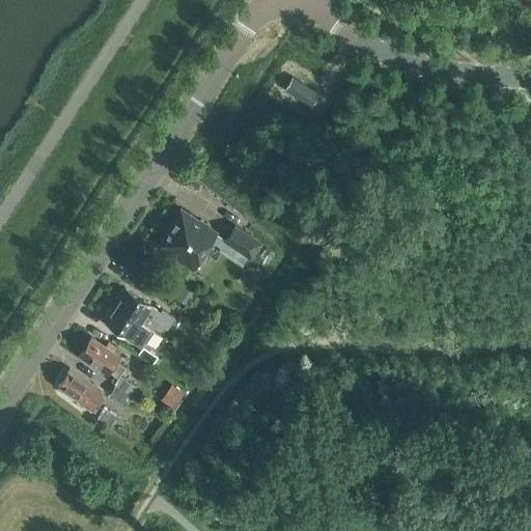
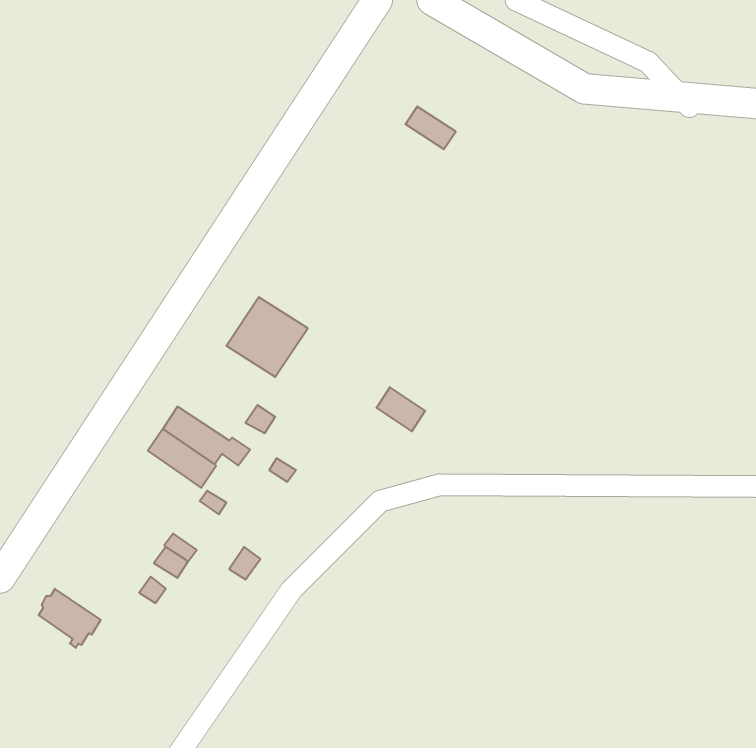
building: [226,228,260,259] -> [376,387,425,431]
building: [80,339,125,380] -> none
building: [59,370,103,412] -> [39,589,101,648]

